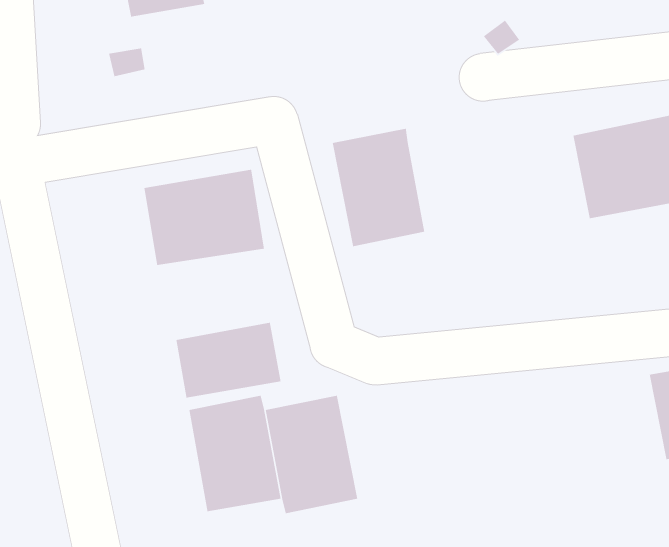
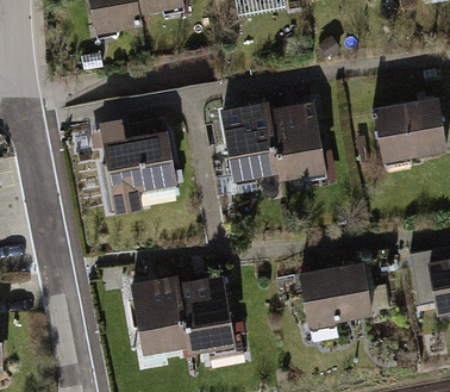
building: none -> [270,105,330,181]
building: [176,322,281,399] -> none
building: none -> [296,262,375,328]

